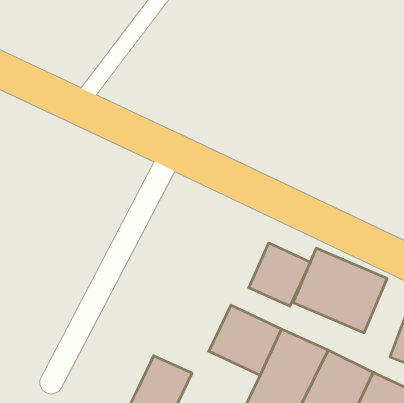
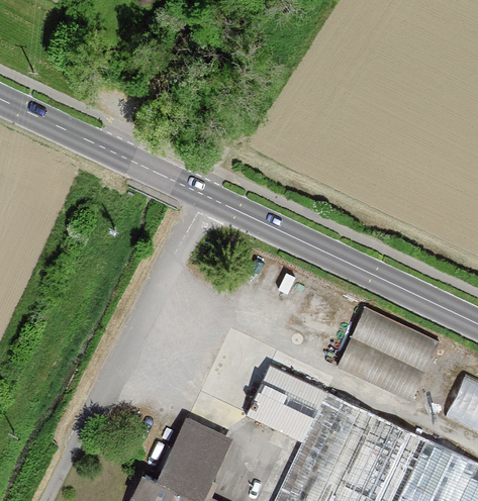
building: [249,243,310,306] -> none

